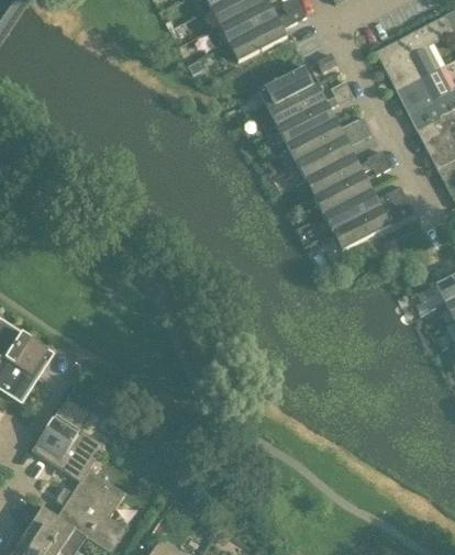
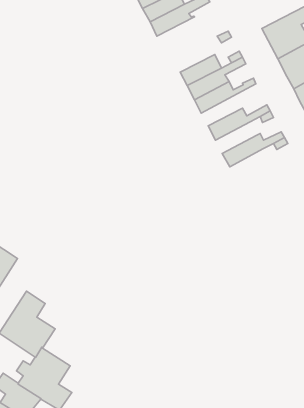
building: [260,65,314,108] -> none
building: [297,123,373,178] -> none
building: [315,173,369,214] -> none
building: [334,208,391,248] -> none

